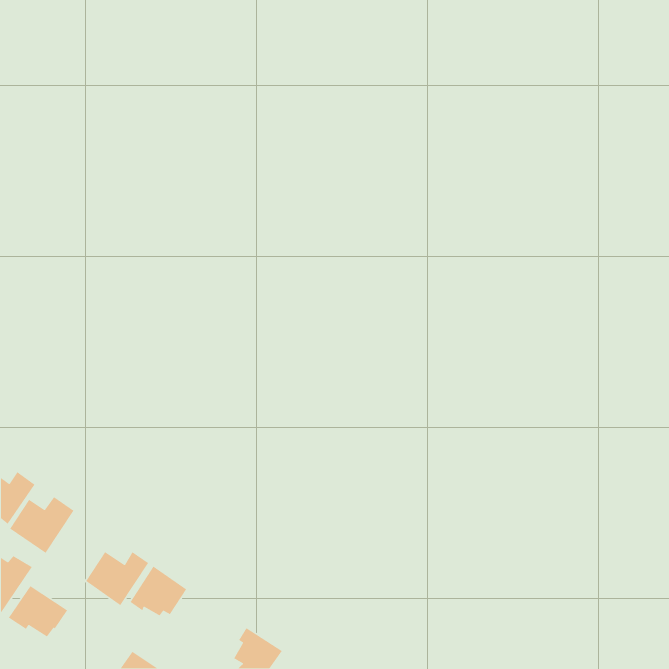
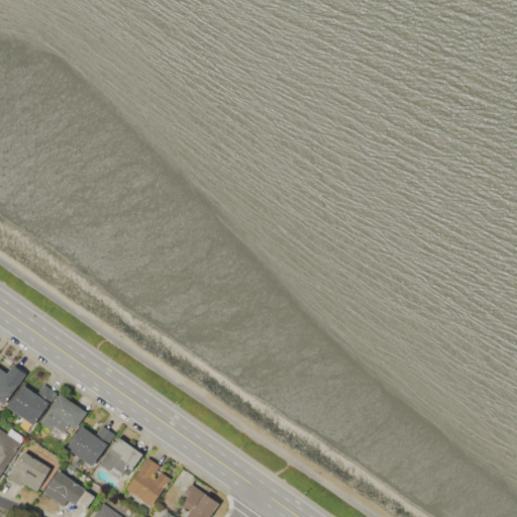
building: none -> [39,393,87,439]
building: none -> [125,456,171,507]
building: none -> [41,470,96,511]

